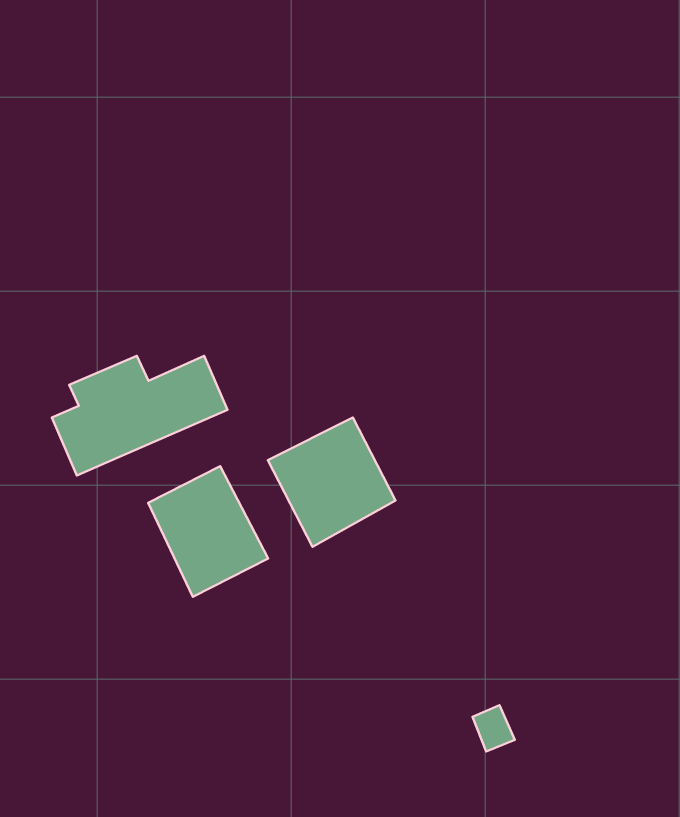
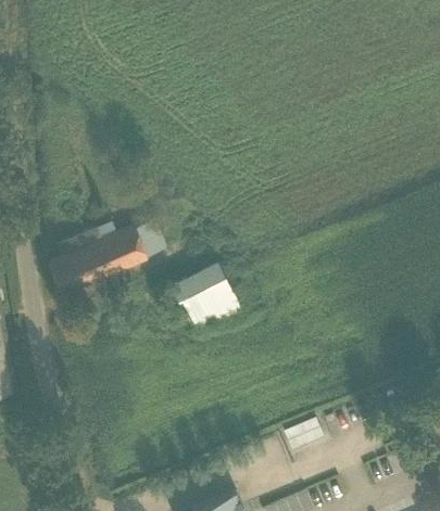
building: [148,466,268,597] -> none

